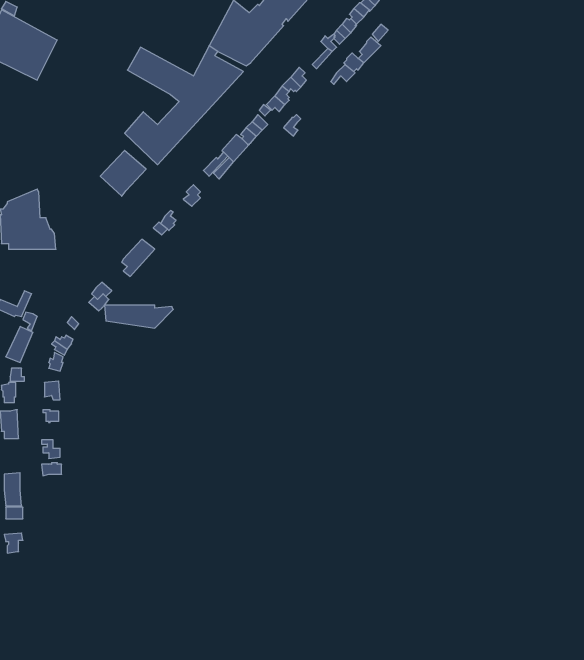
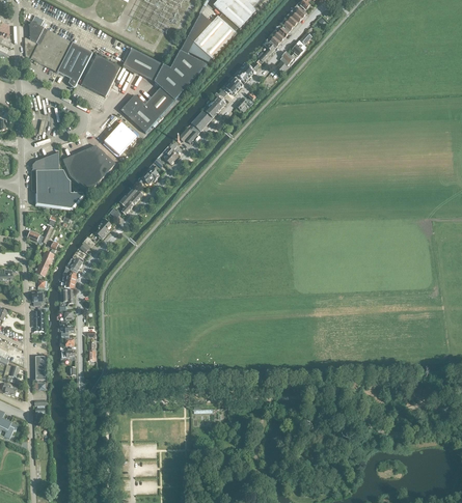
building: none -> [57,43,91,86]
building: none -> [81,55,119,96]
building: none -> [62,145,114,193]
building: [105,305,173,328] -> [34,194,84,211]

